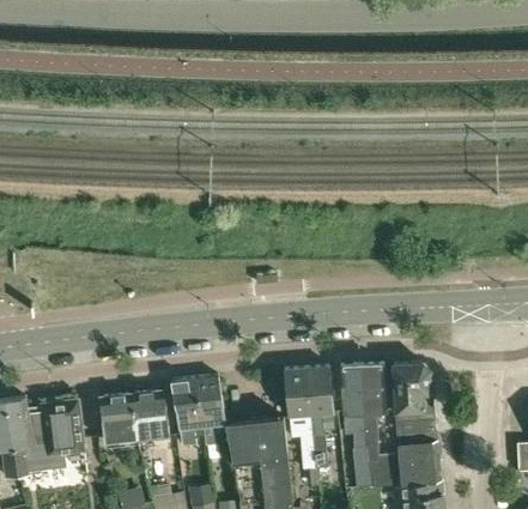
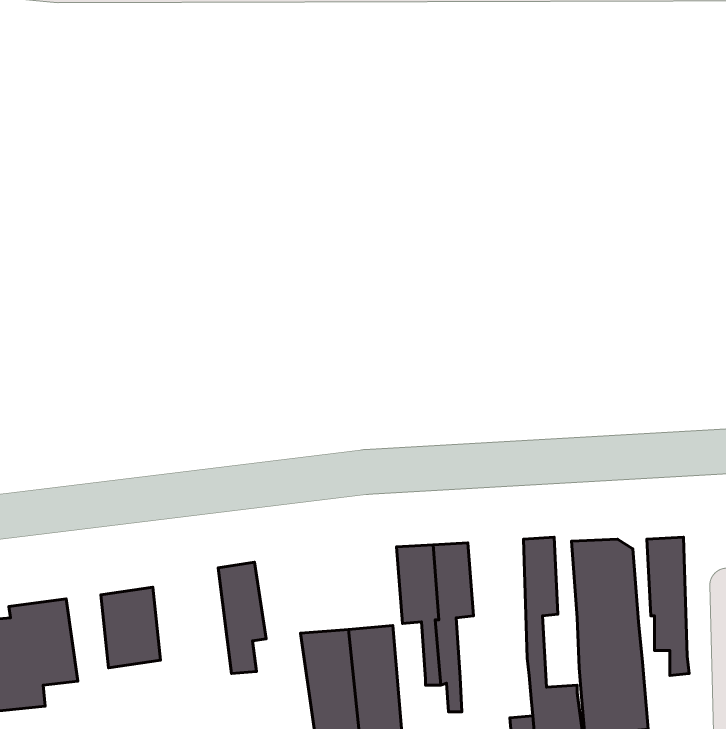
building: [340,364,366,450] -> [647,537,689,675]
building: [195,376,226,444] -> none
building: [132,390,169,440] -> none

